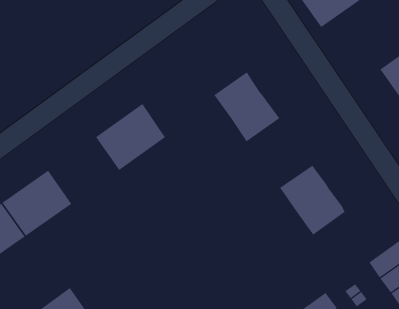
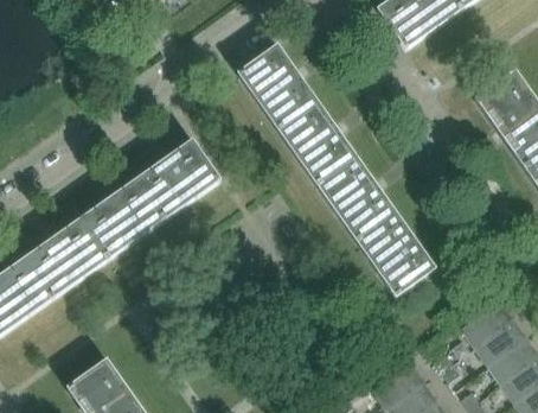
building: none -> [236,44,316,128]
building: none -> [315,155,395,239]
building: none -> [79,178,164,258]

